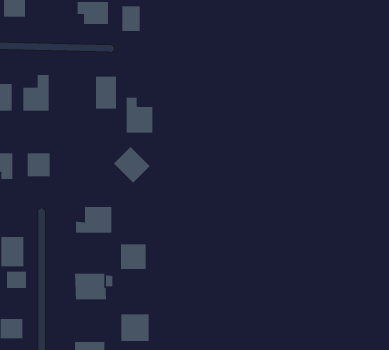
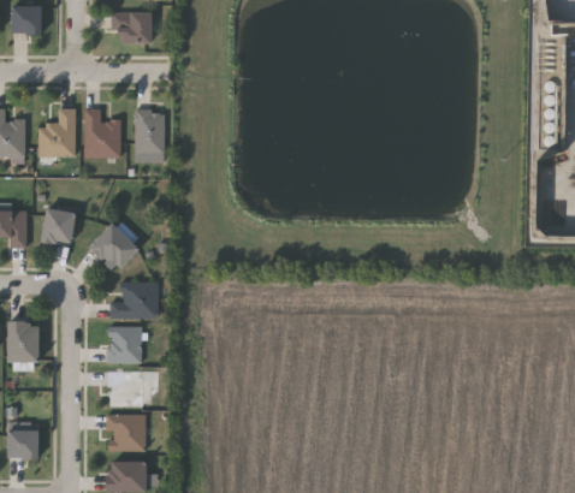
building: [122,5,140,32] -> none
building: [126,97,153,133] -> [84,109,120,158]
building: [113,146,150,183] -> [91,224,141,273]
building: [120,244,147,270] -> [106,327,141,362]
building: [6,271,27,289] -> none
building: [121,313,150,342] -> [106,414,144,451]

